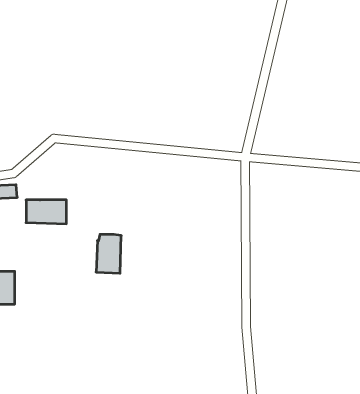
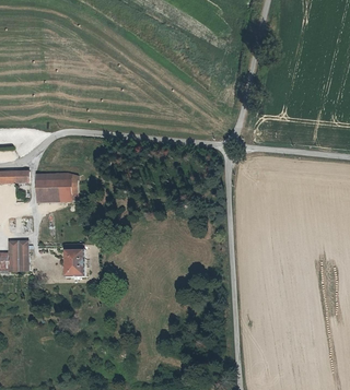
building: [96,234,121,273] -> [62,243,84,276]

